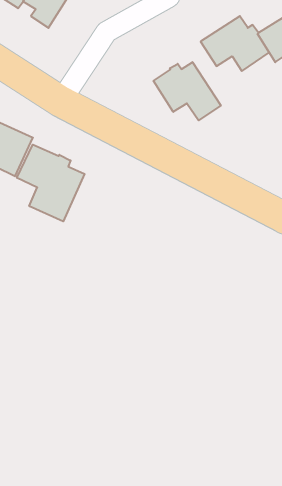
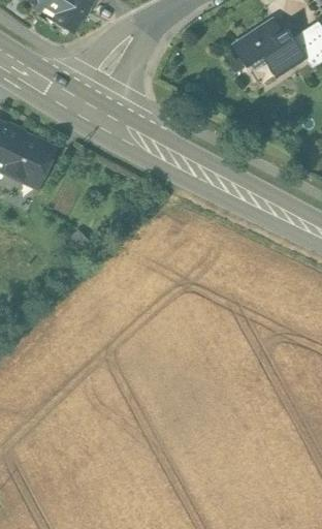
building: [154,62,221,120] -> none
building: [17,145,85,221] -> none

